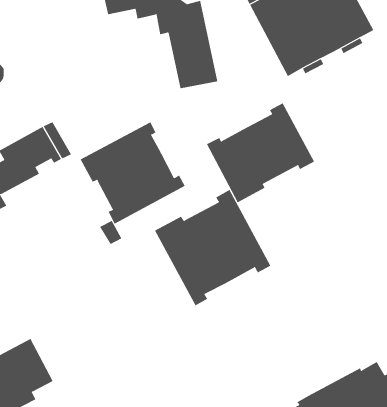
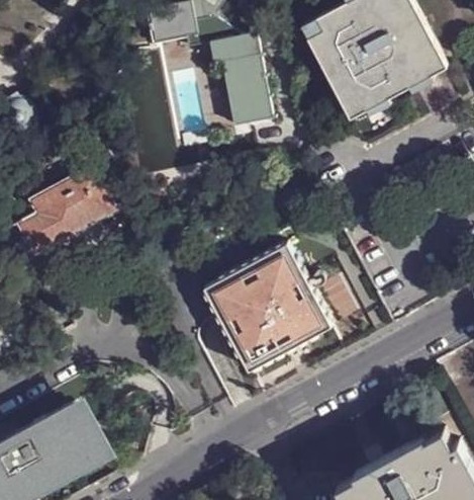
building: [206,102,315,203] -> none
building: [80,122,186,224] -> none
building: none -> [66,402,105,476]

